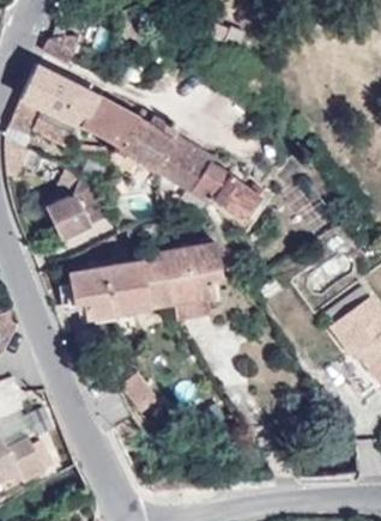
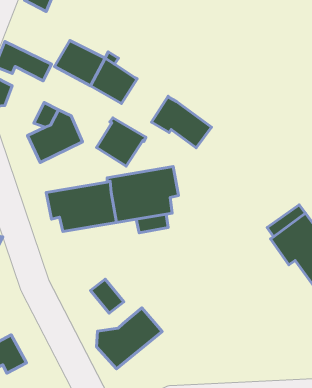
building: [20,65,96,127] -> none
building: [156,135,213,192] -> [96,118,146,166]
building: none -> [97,308,162,369]

